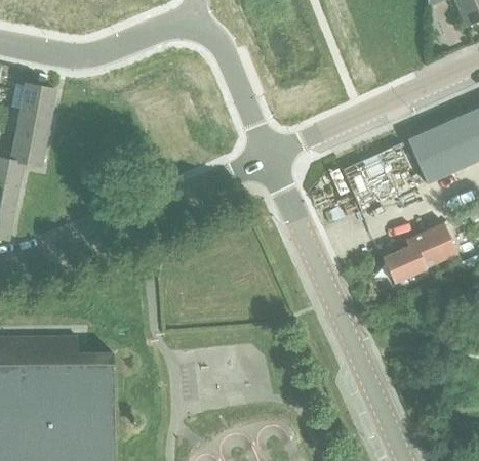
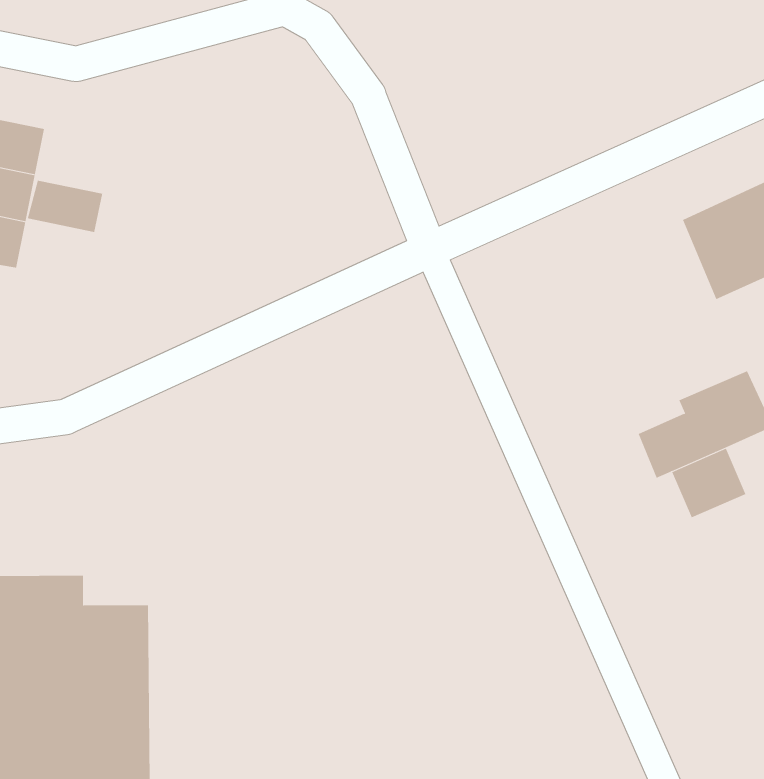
building: none -> [27,180,103,233]
building: none -> [671,448,746,518]

